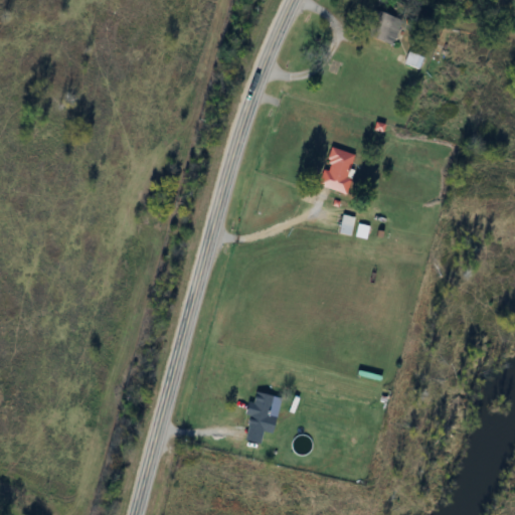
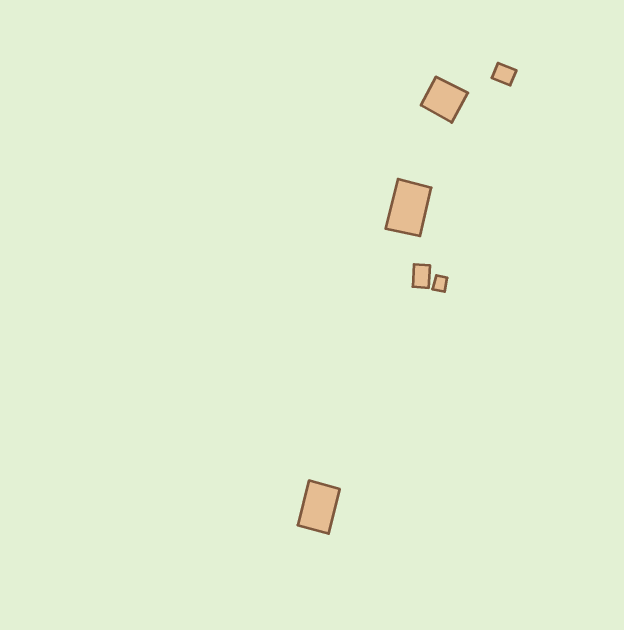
building: [365,9,403,46] -> [421,77,468,123]

